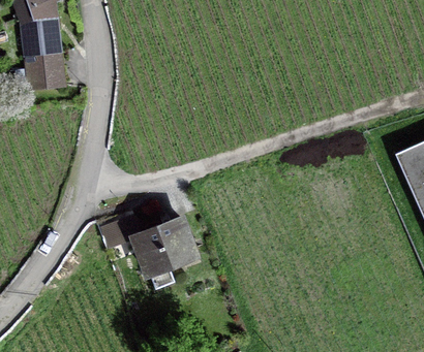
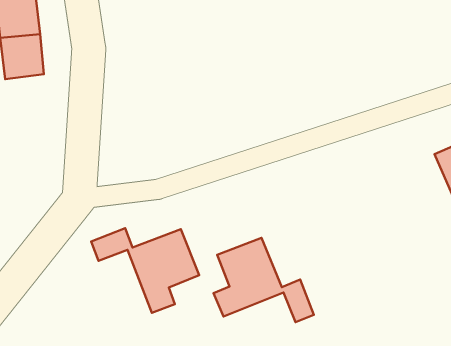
building: none -> [214,238,314,322]

